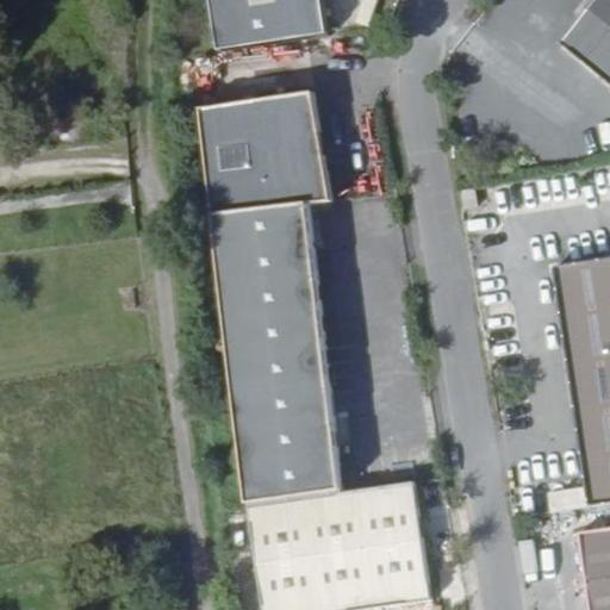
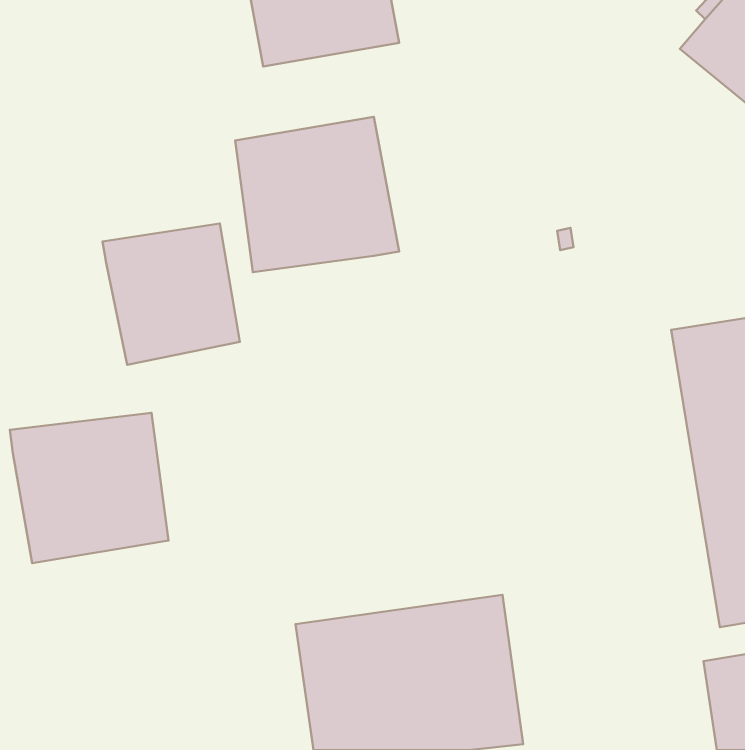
building: none -> [102,223,240,365]
building: [212,206,347,499] -> none
building: none -> [10,413,169,563]

